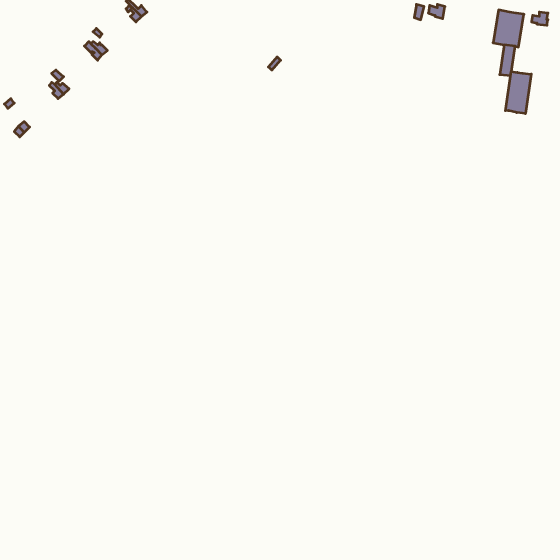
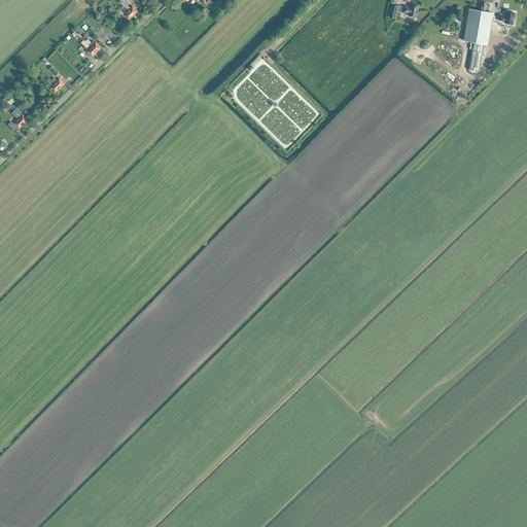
building: [505,71,531,114] -> none

